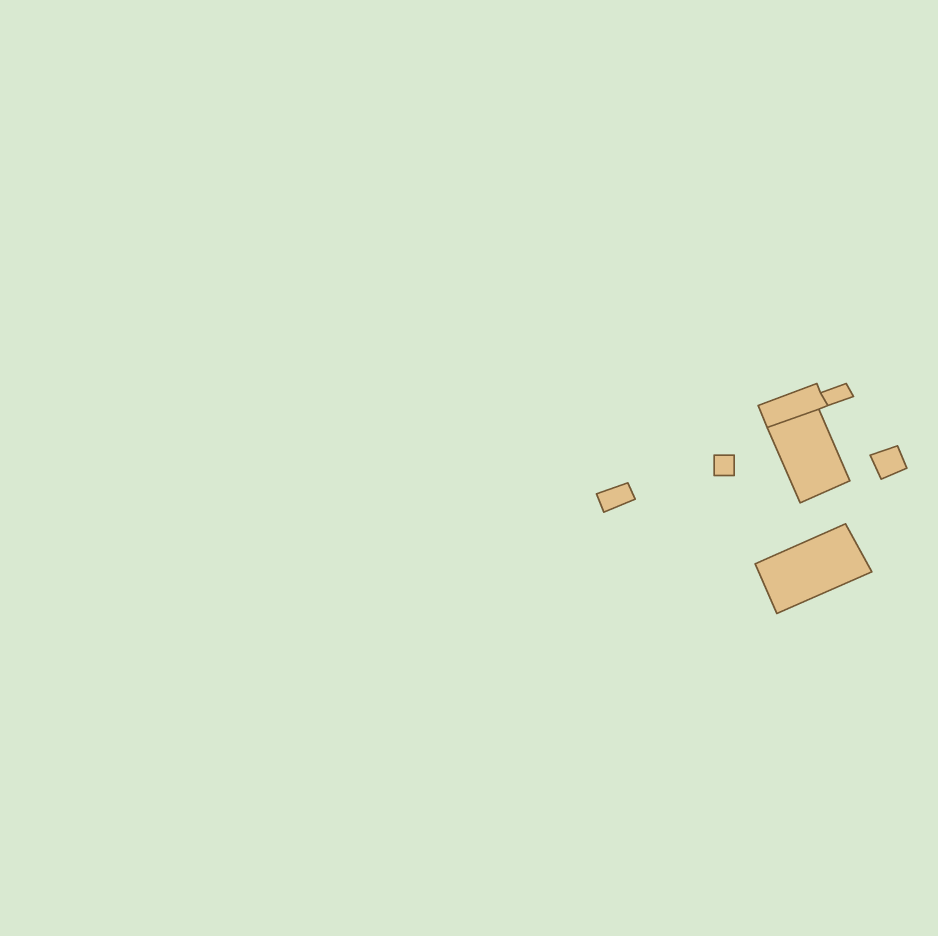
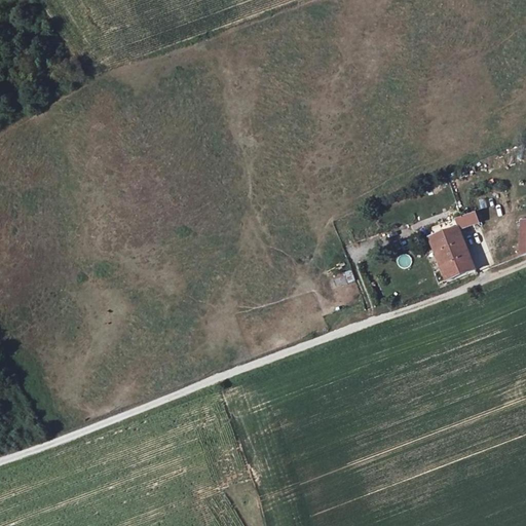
building: [755,524,872,614] -> none

